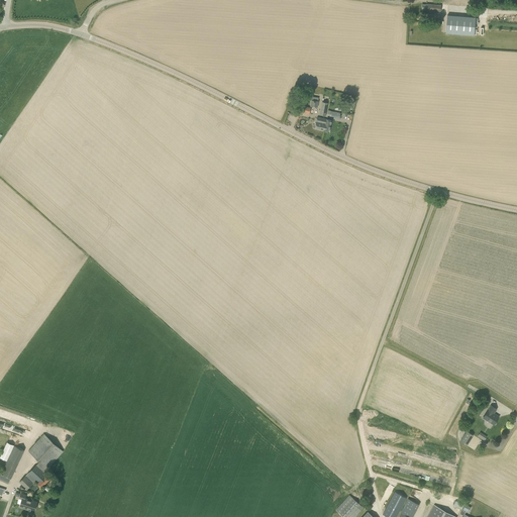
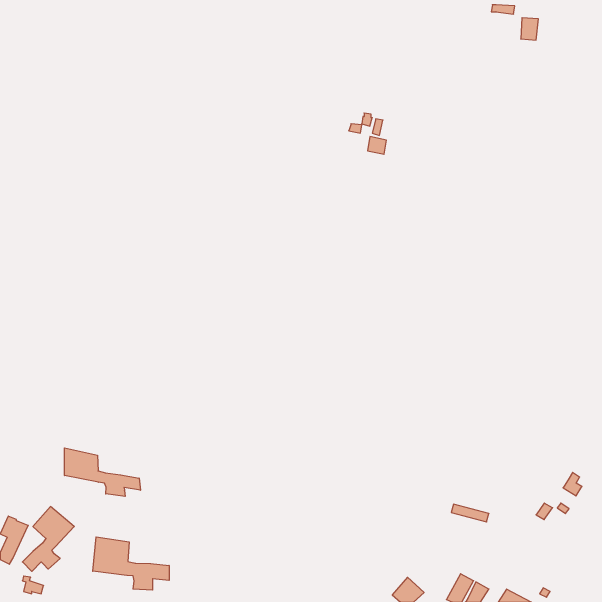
building: none -> [64,448,140,496]
building: none -> [93,537,169,590]

